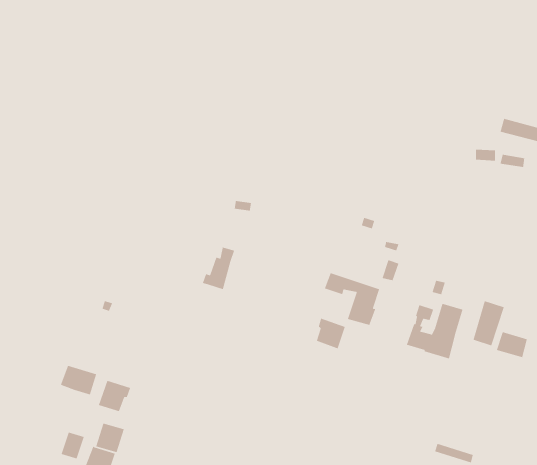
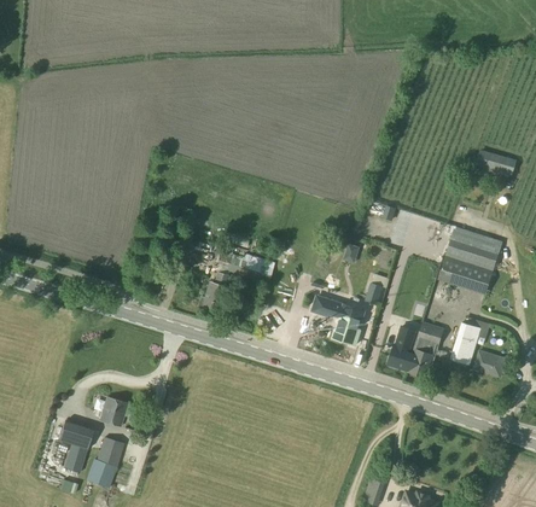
building: none -> [439,234,499,291]
building: none -> [217,251,274,281]
building: [316,317,346,350] -> none
building: [60,365,97,396] -> [58,420,93,449]

